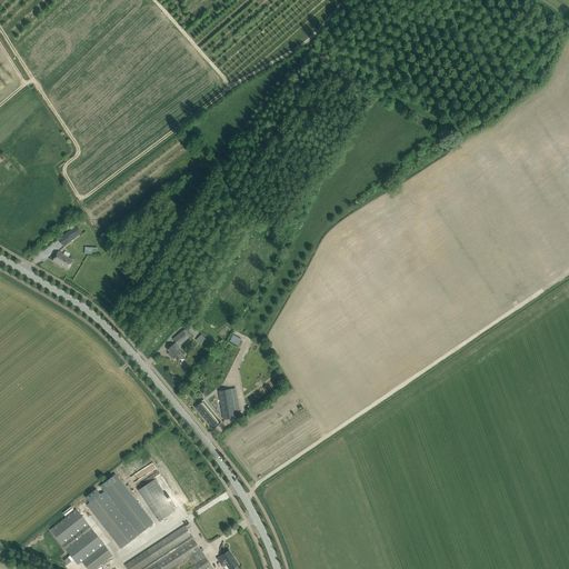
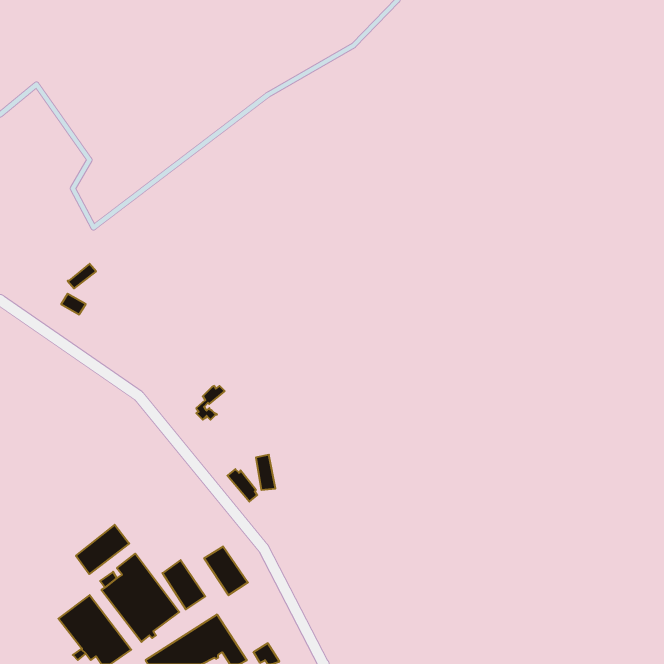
building: none -> [76,525,129,574]
building: none -> [204,546,248,595]

